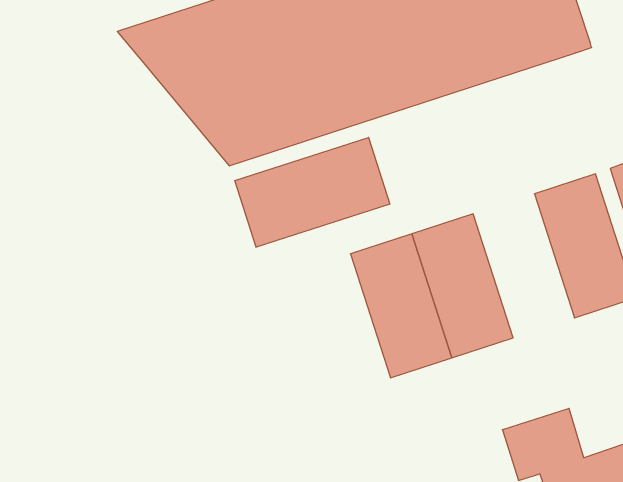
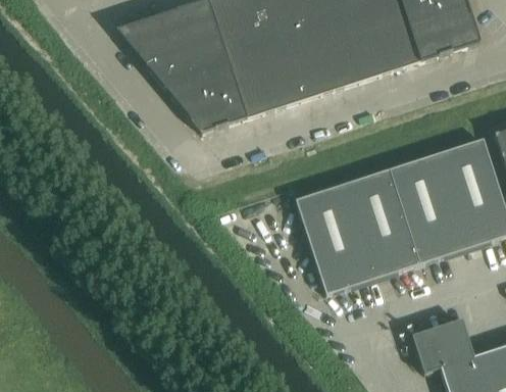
building: [235,137,390,247] -> none
building: none -> [390,152,467,262]

